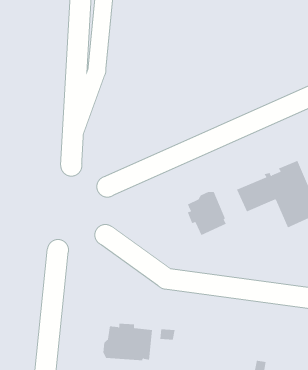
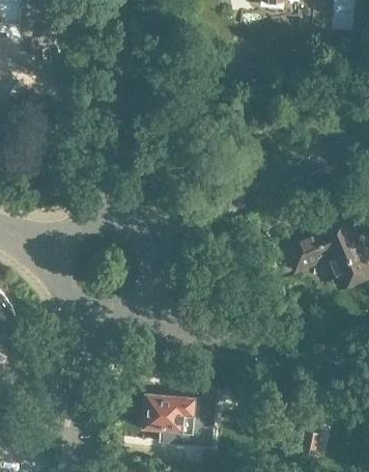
building: [187,191,227,236] -> none

